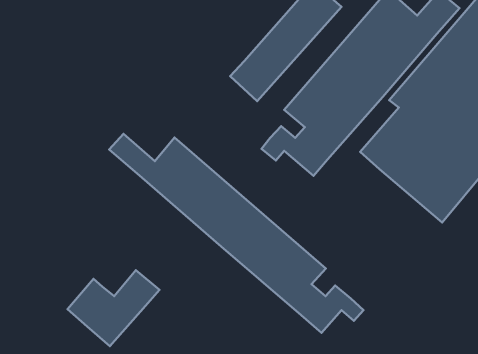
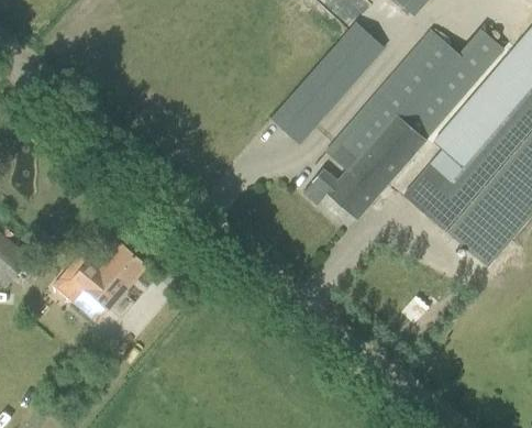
building: [109,134,364,333] -> none
building: [68,270,160,346] -> [52,244,145,321]

